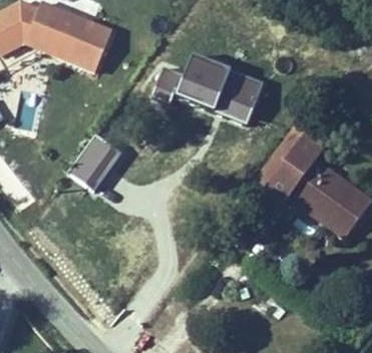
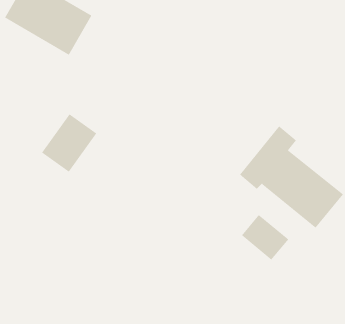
building: [170,55,258,121] -> none
building: none -> [241,214,289,260]

